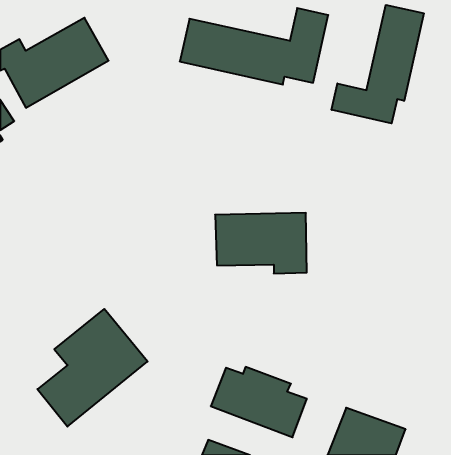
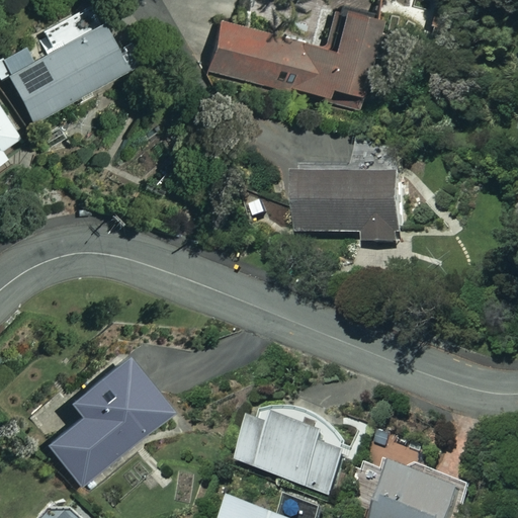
building: [332,5,424,123] -> none
building: [215,213,307,273] -> [301,175,406,244]

